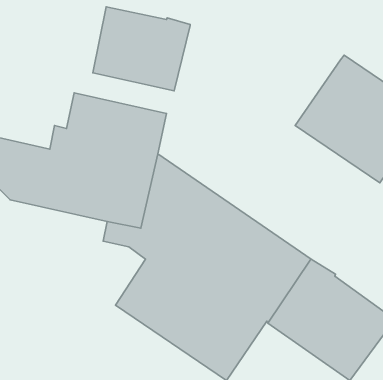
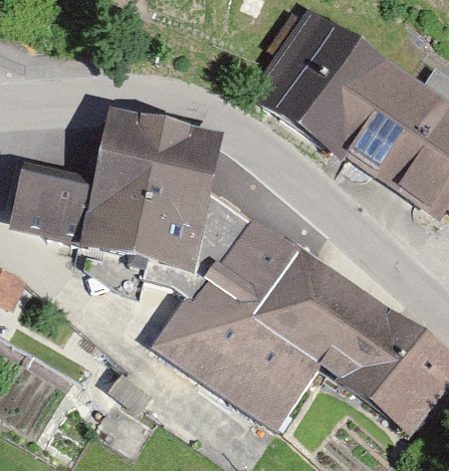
building: [93,7,190,91] -> none
building: none -> [265,27,399,157]

